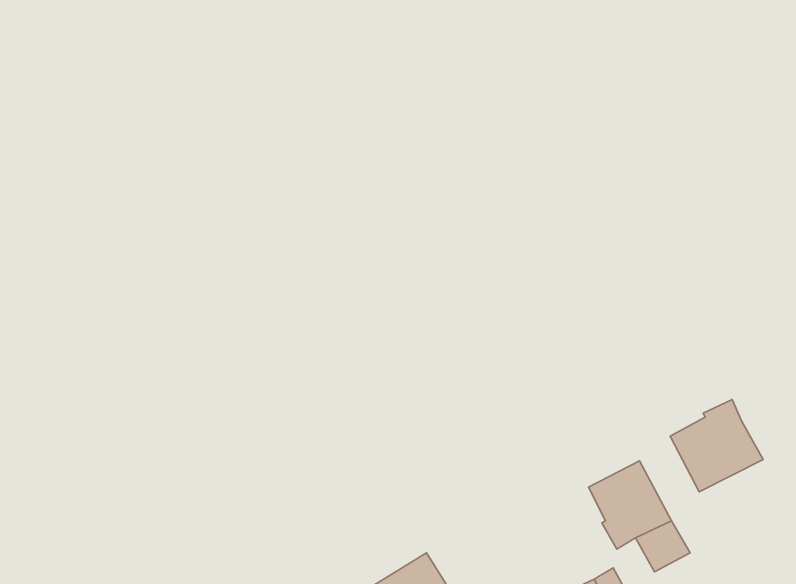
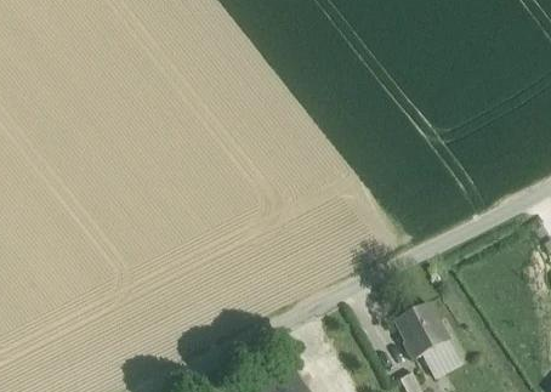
building: [670,400,763,492] -> none

